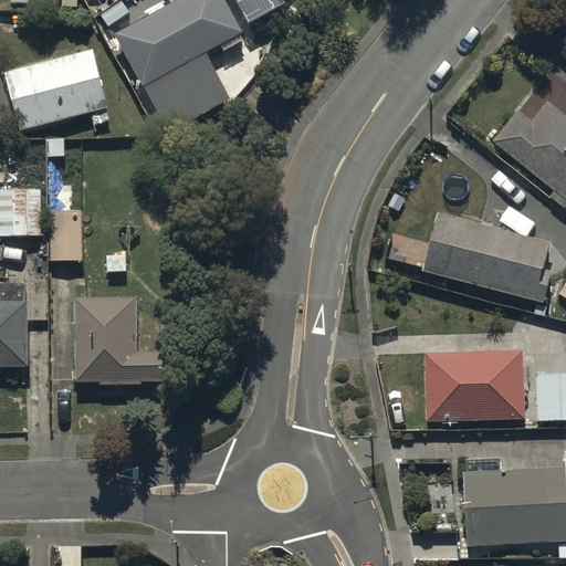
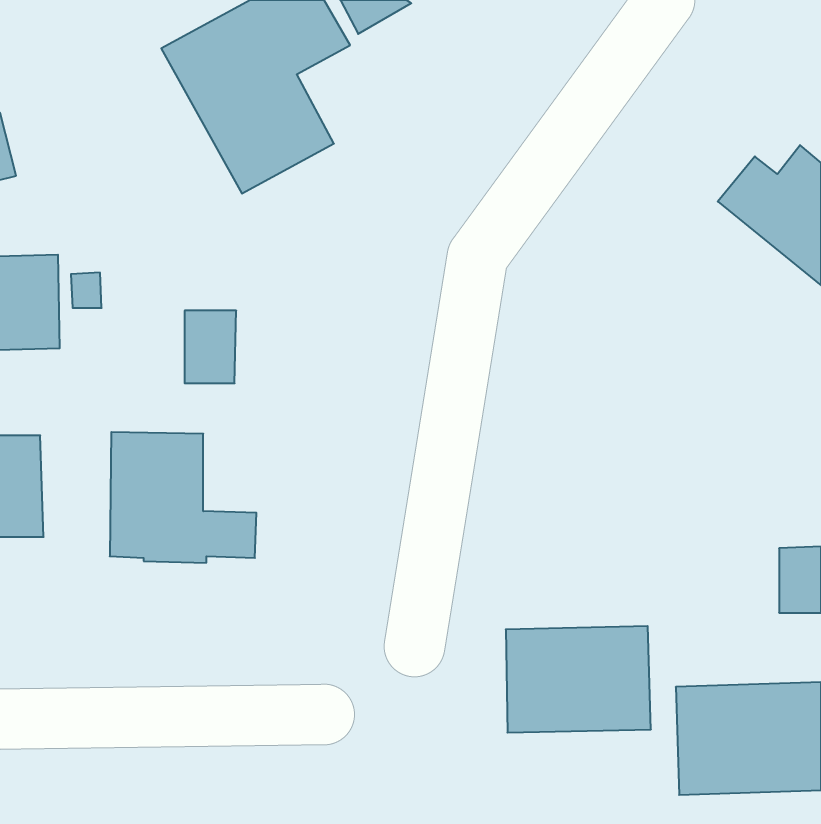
building: [6,50,107,130] -> none
building: [421,211,552,303] -> none
building: [48,214,83,264] -> [185,311,236,383]
building: [424,349,524,422] -> [506,626,651,733]

